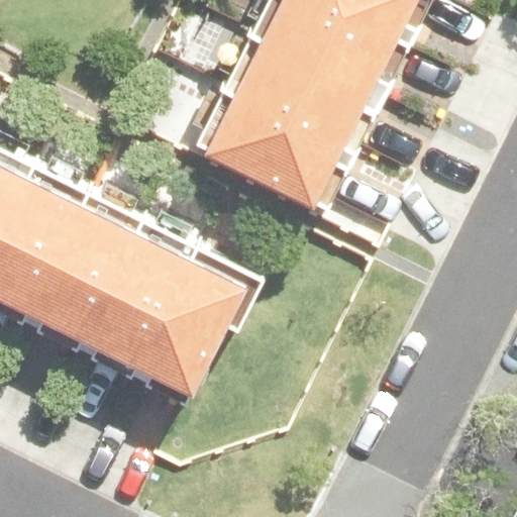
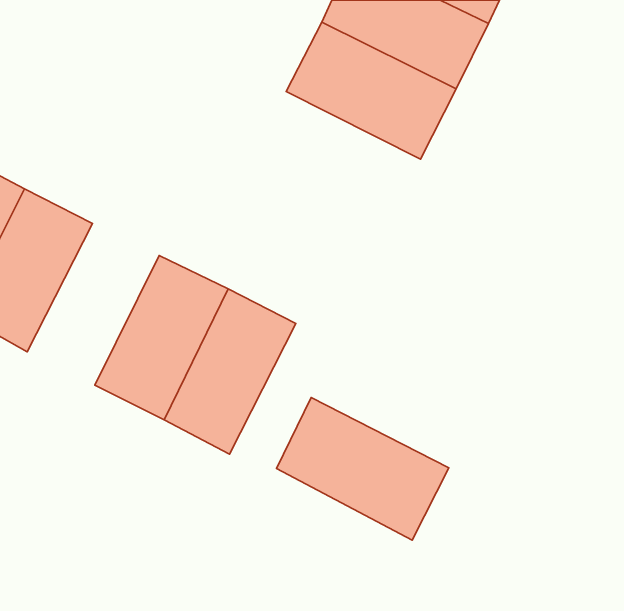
building: [207,91,344,202] -> none
building: [22,199,130,331] -> none
building: none -> [277,398,449,540]

